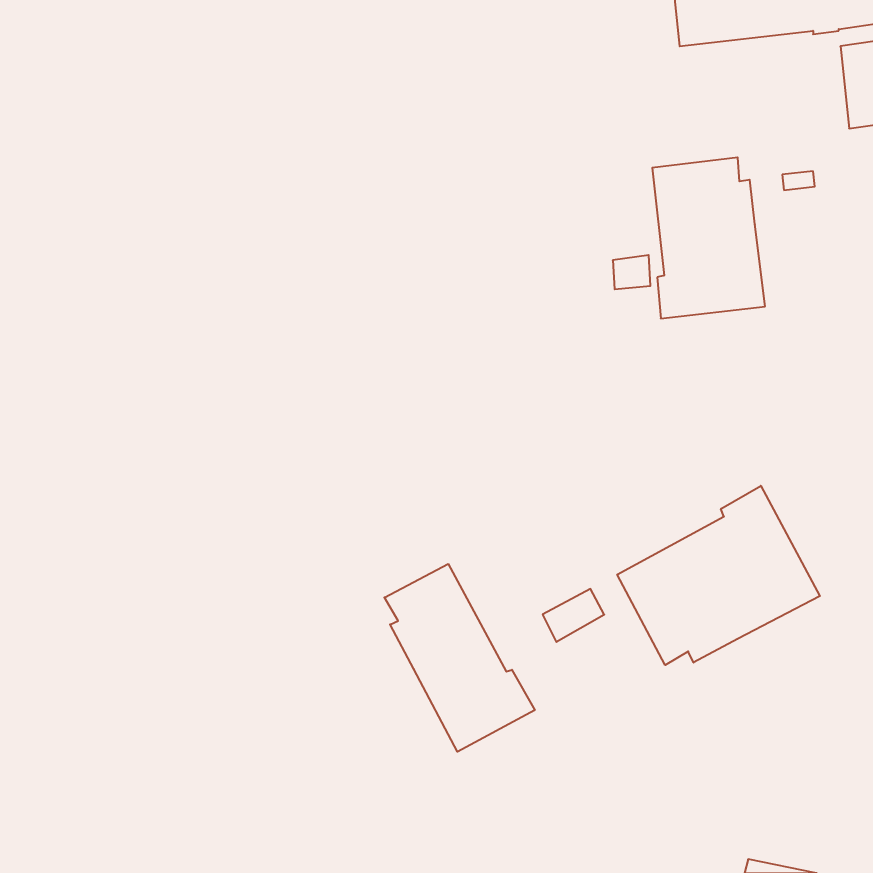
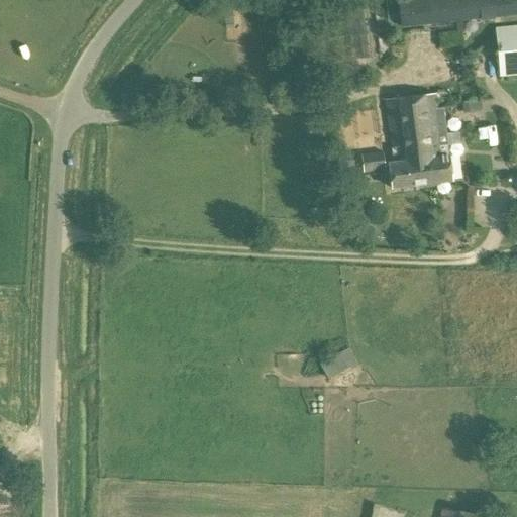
building: [617,486,820,665] -> none
building: [384,564,535,752] -> none

